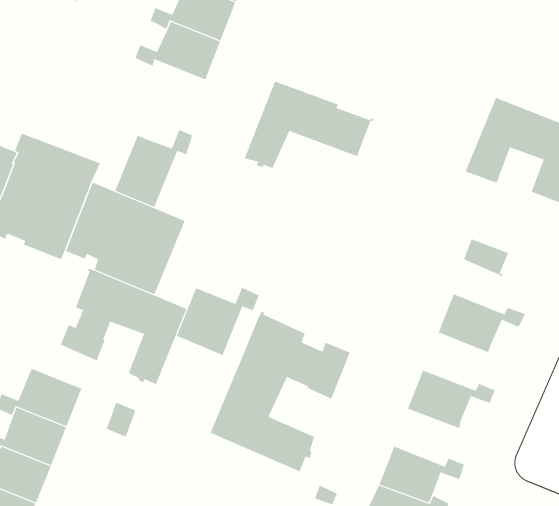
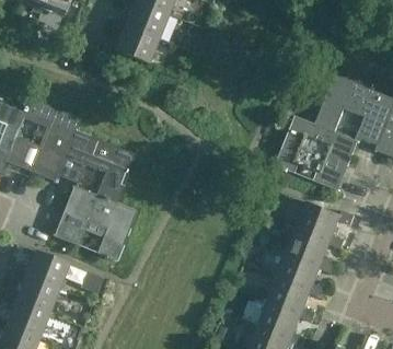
building: [244,81,374,169] -> [275,115,359,172]
building: [114,129,193,208] -> none
building: [176,287,259,356] -> none
building: [210,311,351,472] -> none
building: none -> [288,226,345,264]
building: none -> [269,276,325,313]

